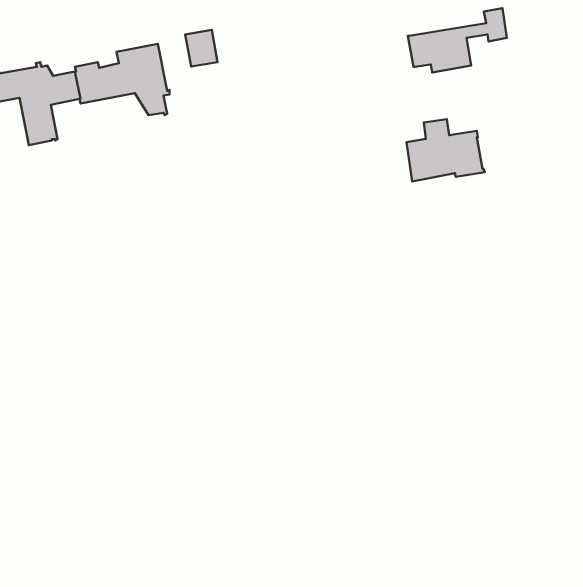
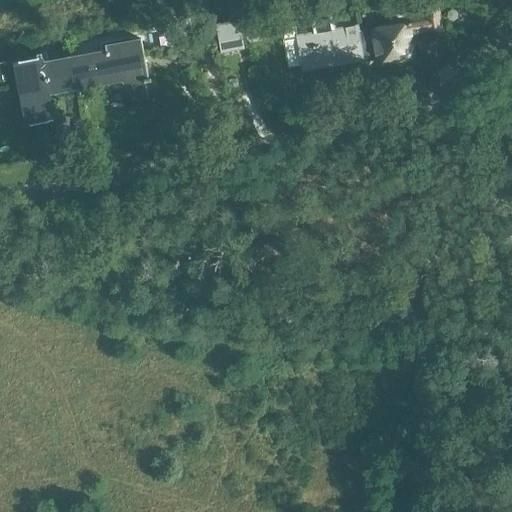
building: [185,30,218,67] -> [212,21,240,53]
building: [406,119,485,181] -> [293,16,361,70]

